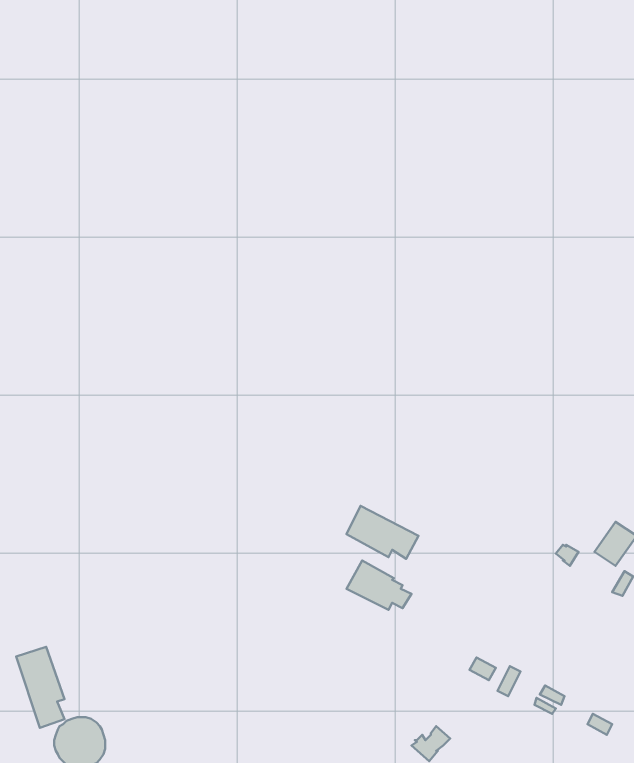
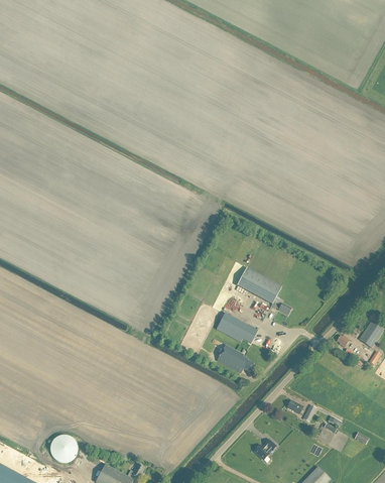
building: none -> [236,267,290,315]
building: [16,647,65,728] -> none

